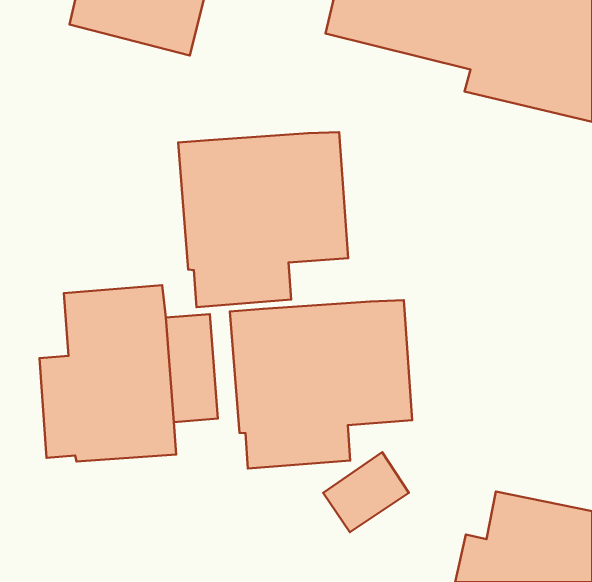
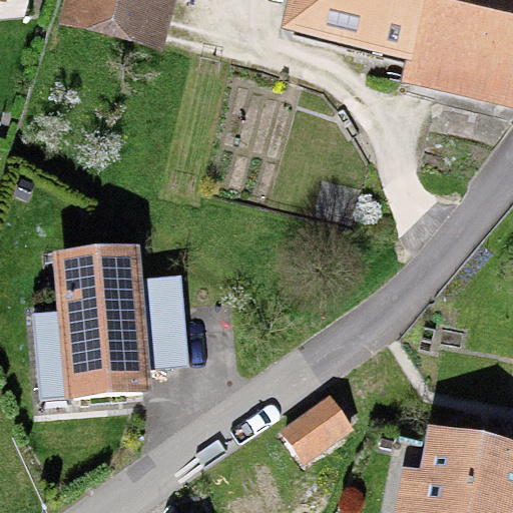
building: [178,132,348,307] -> none
building: [230,300,412,469] -> none

